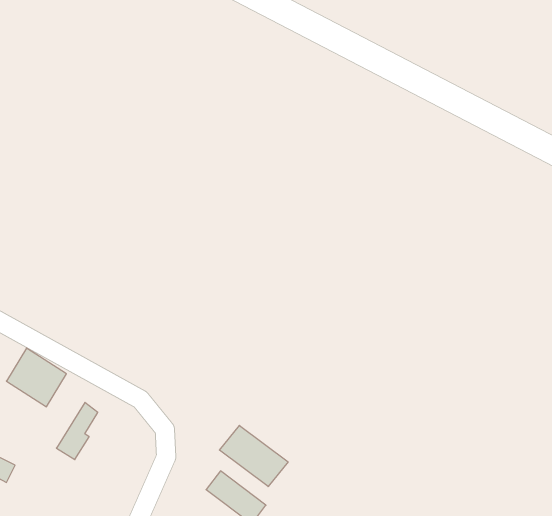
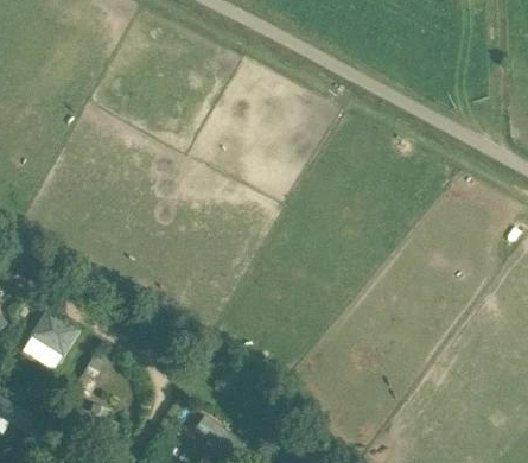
building: [219,425,288,487] -> none

